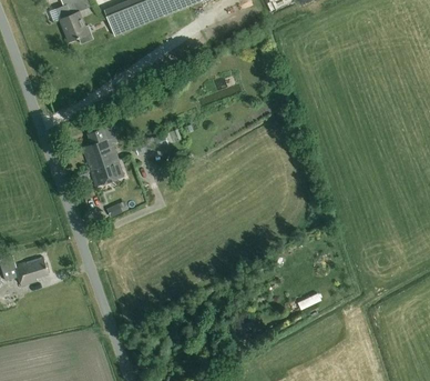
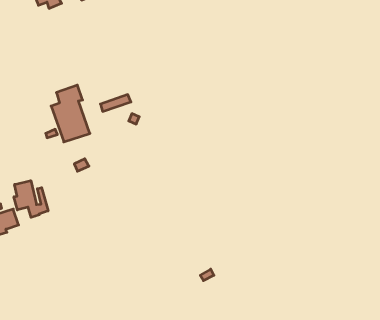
building: none -> [14,181,48,217]

